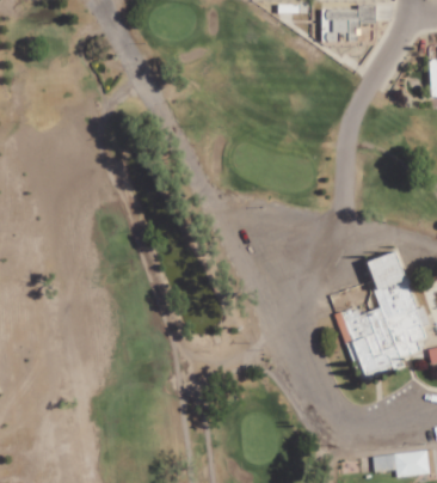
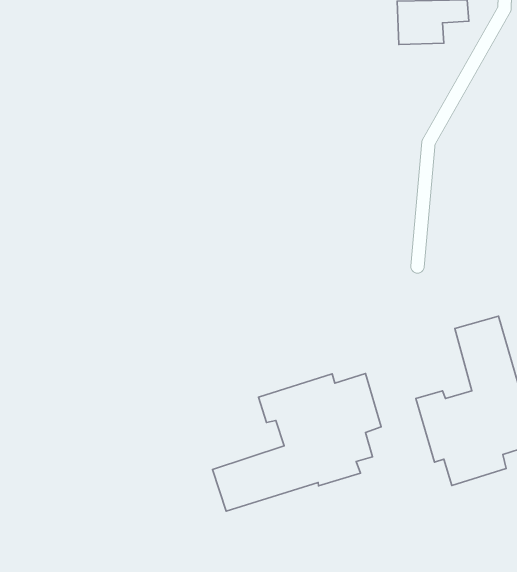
building: none -> [213,374,381,511]

